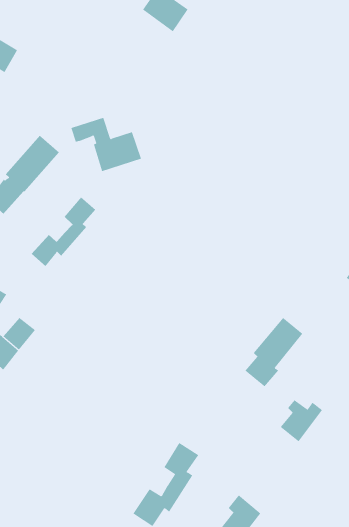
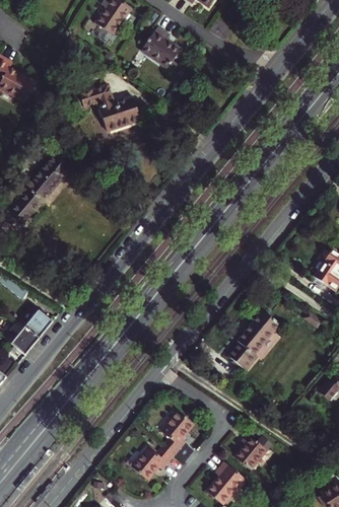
building: [70,117,142,172] -> [80,83,141,130]
building: [31,196,96,267] -> none
building: [280,399,323,442] -> [234,431,271,467]

